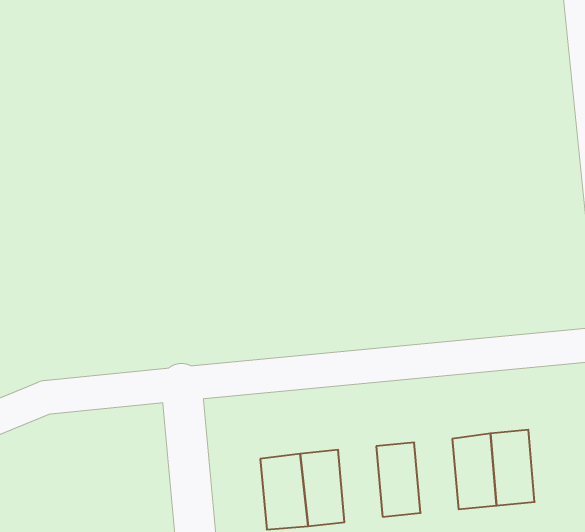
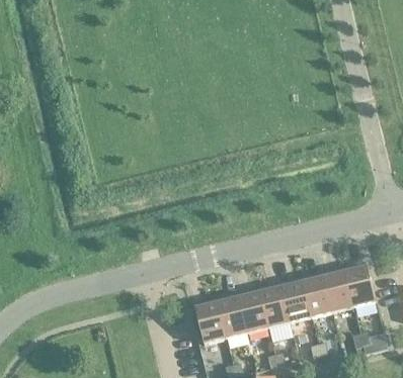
building: none -> [344,263,376,308]
building: none -> [280,279,311,323]
building: none -> [238,289,268,335]

